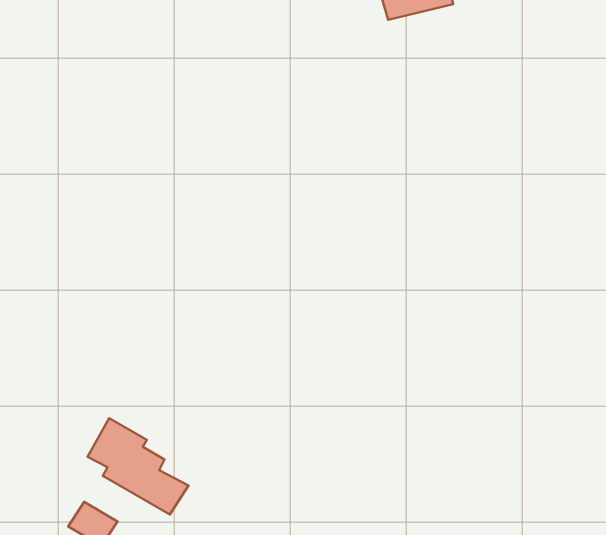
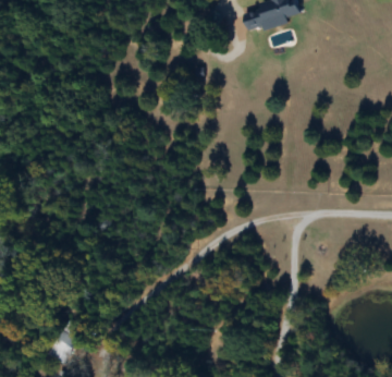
building: [87,418,189,515] -> none

